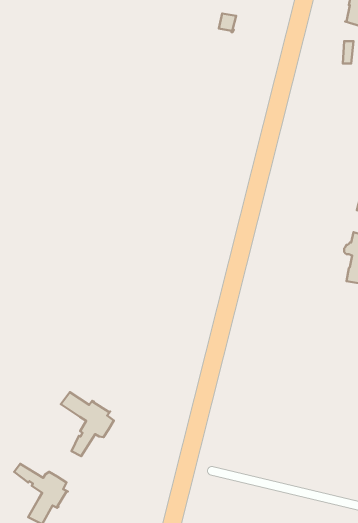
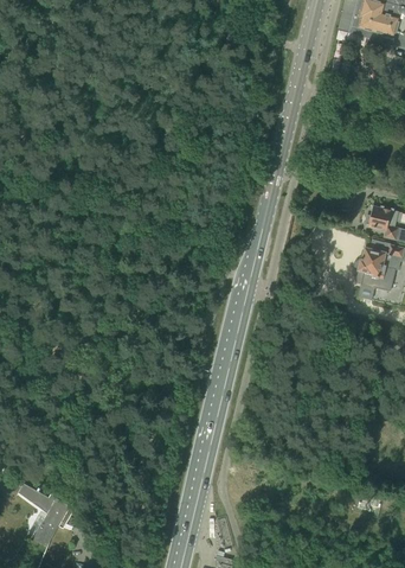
building: [61,392,114,456] -> none

